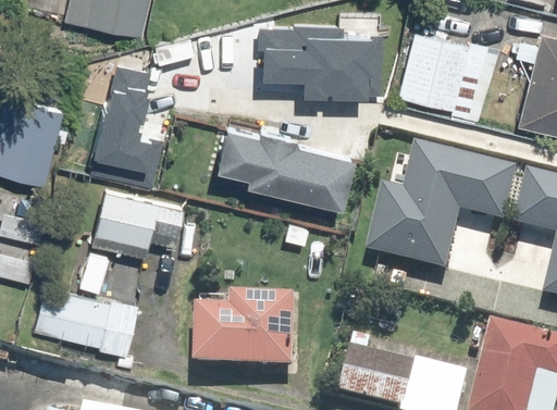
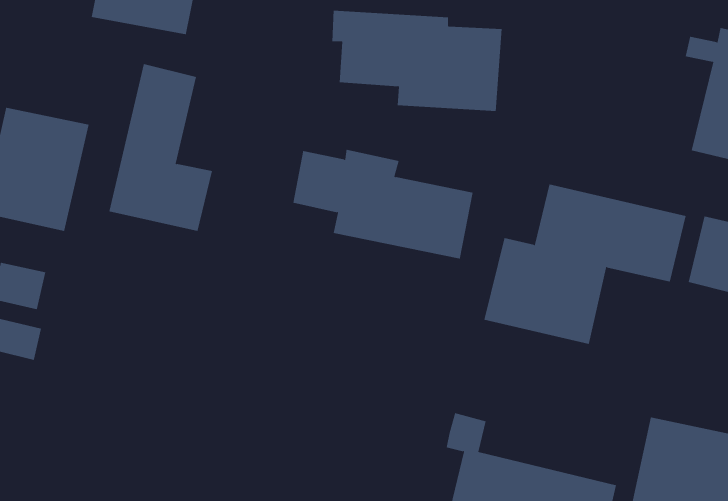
building: [394,26,496,120] -> none
building: [94,187,184,253] -> none
building: [28,276,141,355] -> none
building: [195,293,295,369] -> none

